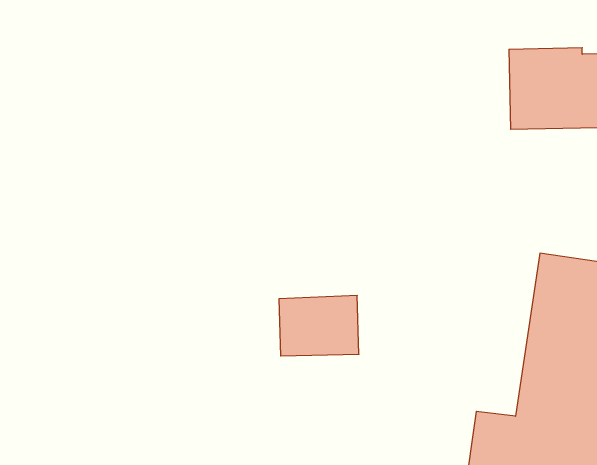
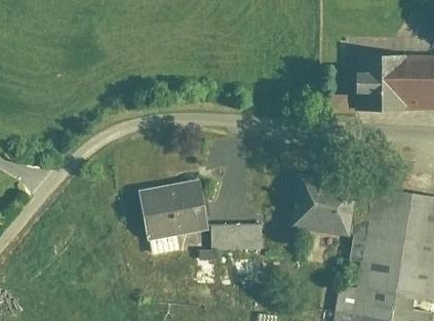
building: none -> [290,173,350,233]
building: none -> [144,180,206,238]

